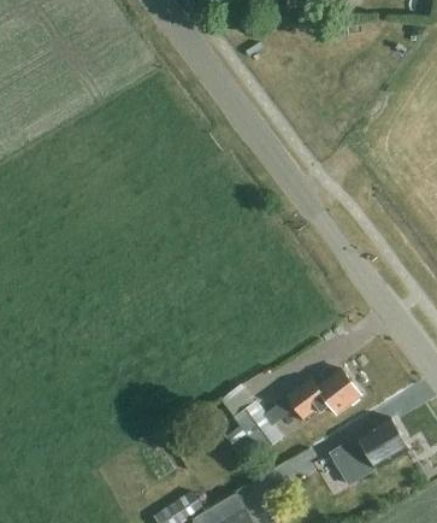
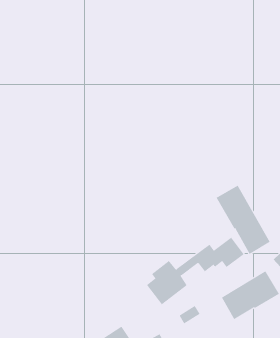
building: none -> [216,185,271,255]

